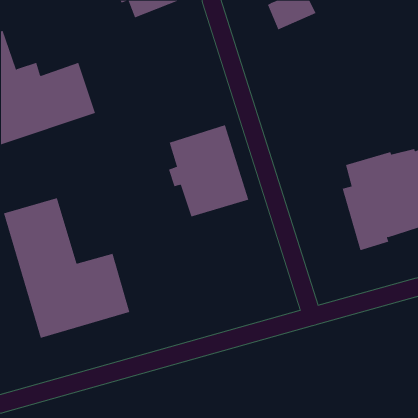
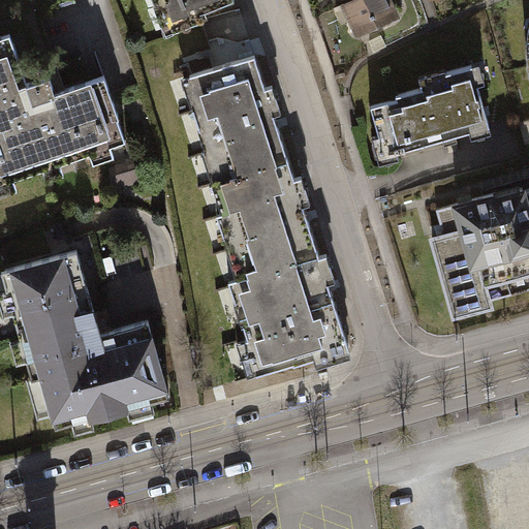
building: none -> [187,54,285,181]
building: none -> [371,66,490,155]
building: none -> [224,253,344,374]

